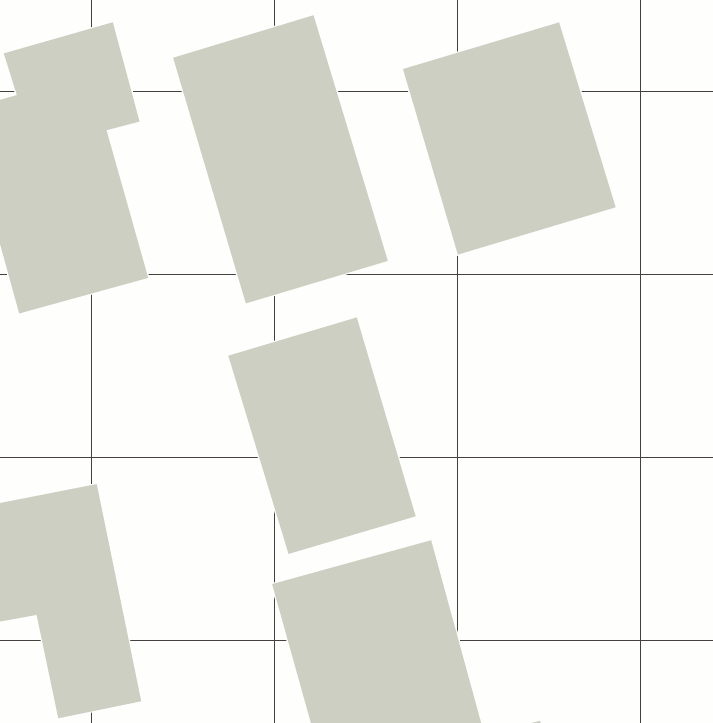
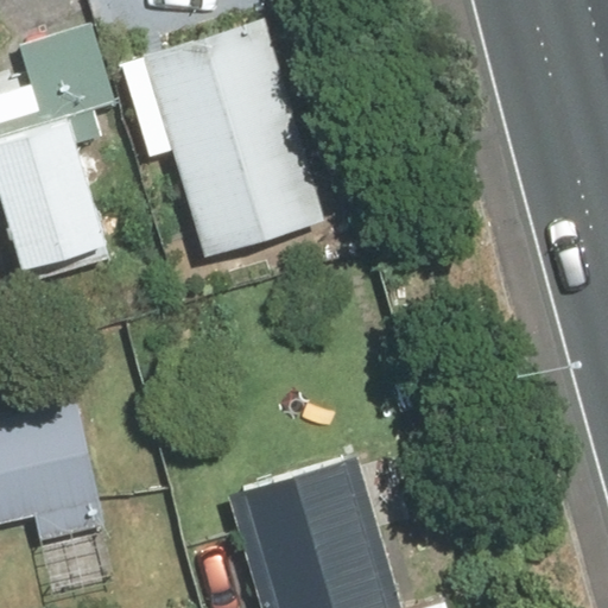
building: [402,22,616,255] -> none
building: [228,316,417,555] -> none

